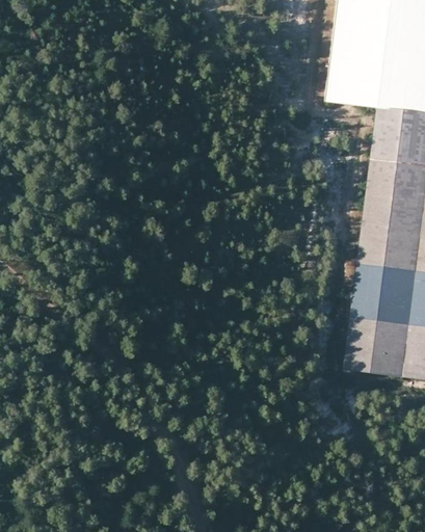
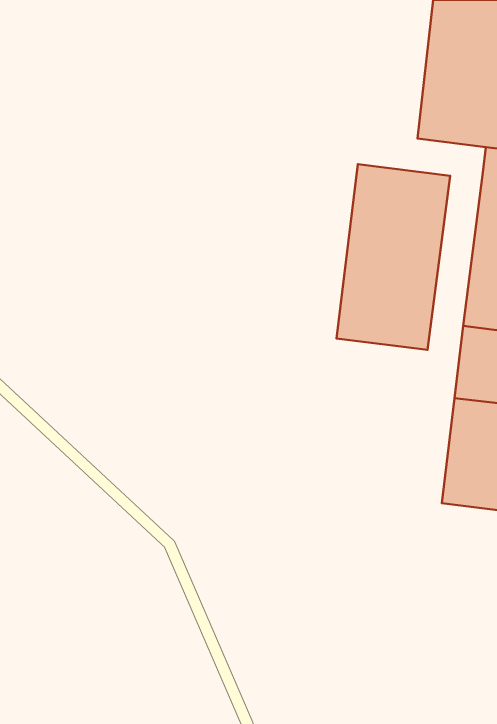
building: none -> [336,164,450,350]

